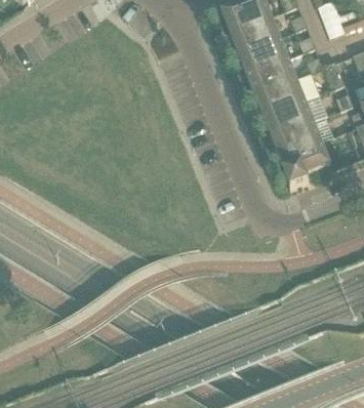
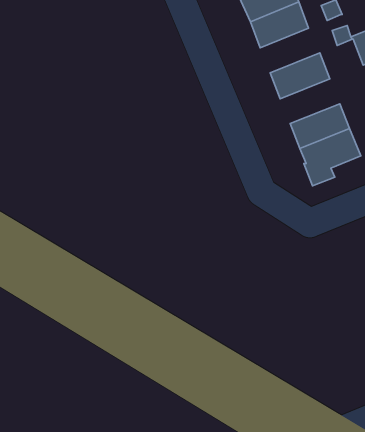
building: [247,54,296,91] -> none
building: [264,96,313,133] -> none

